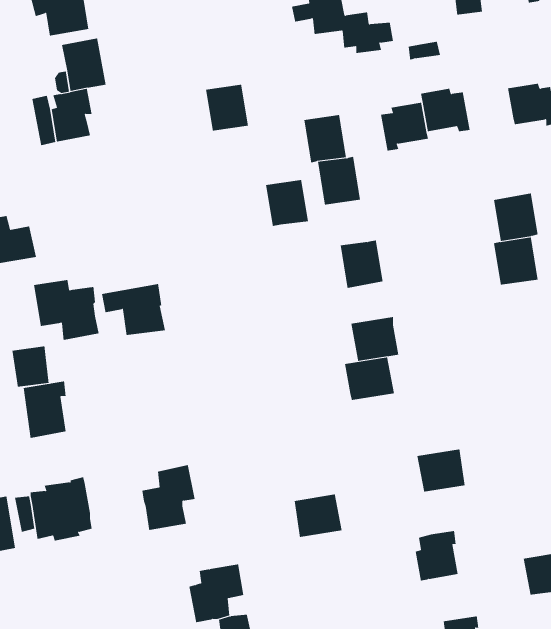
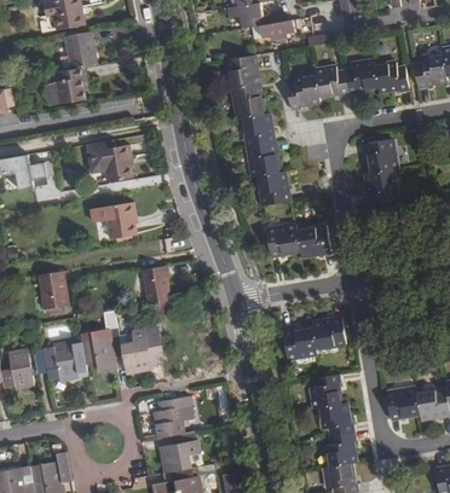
building: none -> [345,60,379,95]
building: [205,84,249,131] -> [229,56,259,88]
building: [265,180,309,227] -> [248,144,278,176]
building: [33,280,99,340] -> [87,140,133,182]
building: [12,346,49,388] -> none
building: [344,357,395,400] -> [296,226,331,256]
building: none -> [143,266,171,304]
building: none -> [82,327,122,372]
building: [294,494,343,537] -> [284,327,318,358]
building: none -> [321,402,354,436]

